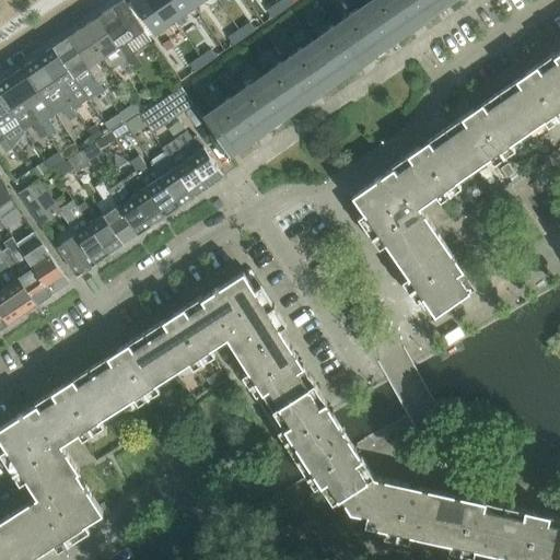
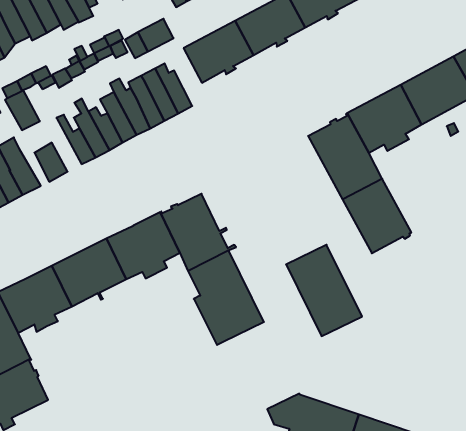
building: [57,203,108,266] -> none
building: [283,405,372,504] -> [286,245,362,336]

